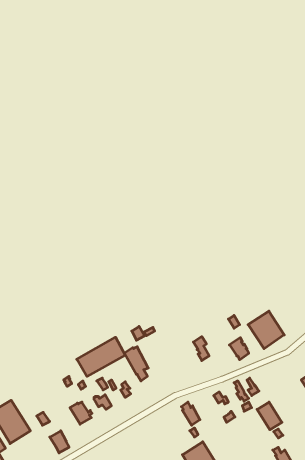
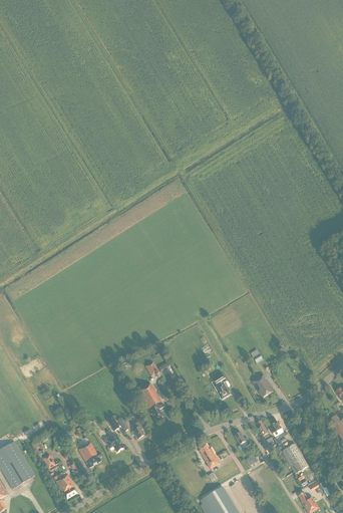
building: [248,311,284,349] -> none
building: [77,337,125,376] -> none

